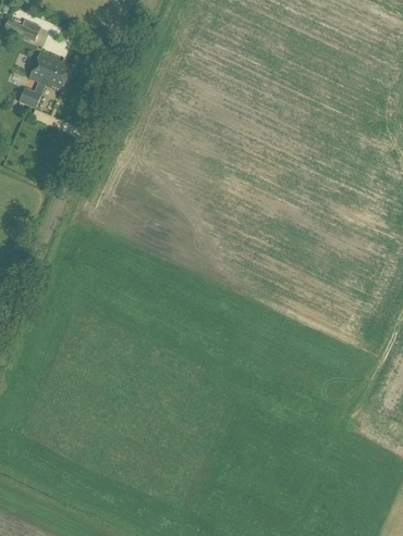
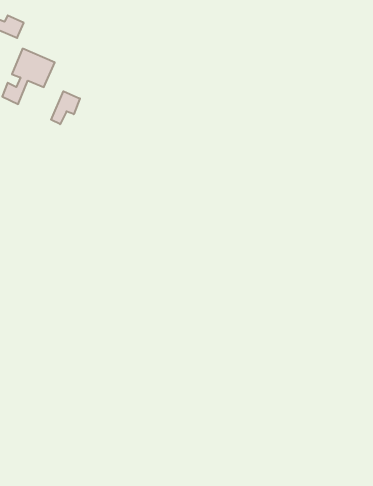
building: none -> [51,91,80,124]

